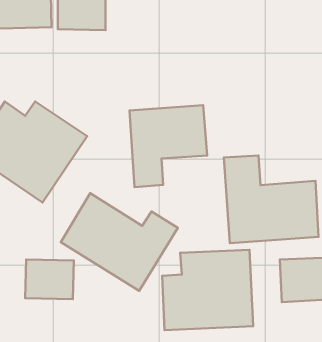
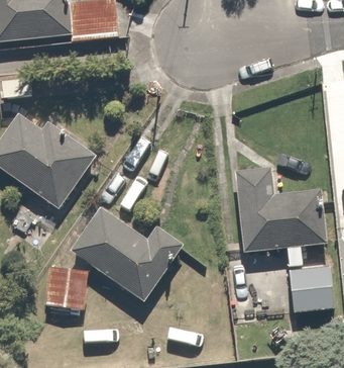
building: [129,105,207,187] -> none
building: [162,250,253,330] -> none

